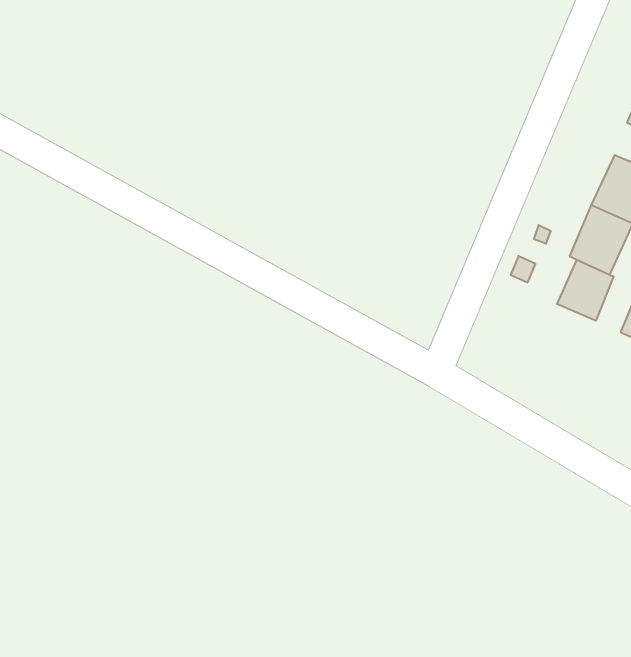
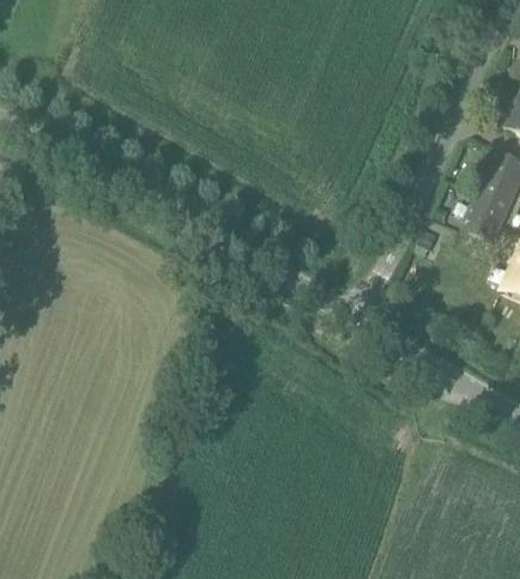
building: [557,260,614,321] -> none

